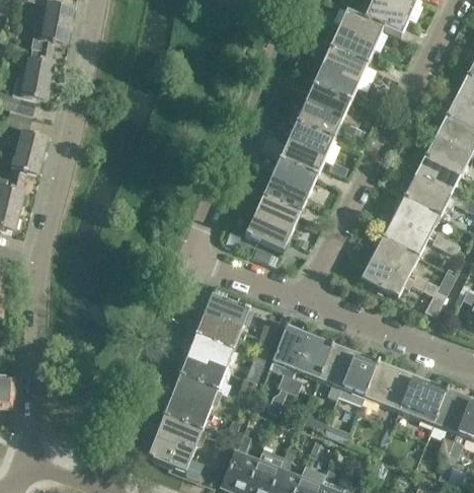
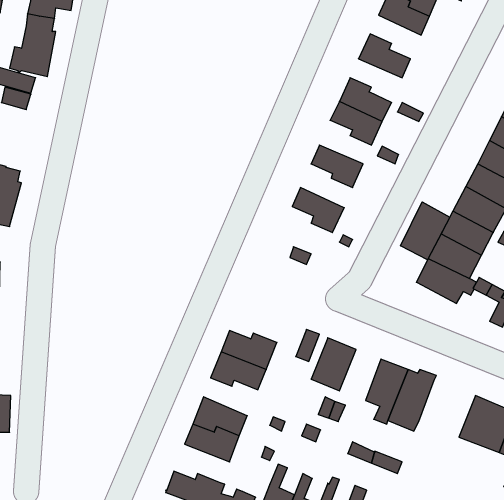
building: [322,49,366,86] -> none
building: [305,86,349,124] -> none
building: [10,131,46,183] -> none
building: [279,139,323,177] -> none
building: [262,177,307,214] -> none
building: none -> [401,202,450,260]
building: [244,213,290,252] -> none
building: [202,296,249,330] -> none
building: [296,336,331,379] -> none
building: [179,360,226,393] -> none
building: [364,362,412,411] -> none
building: [154,417,202,450] -> none

